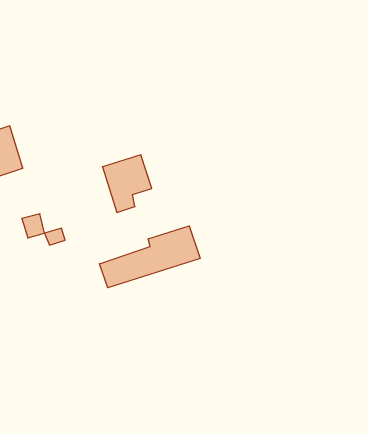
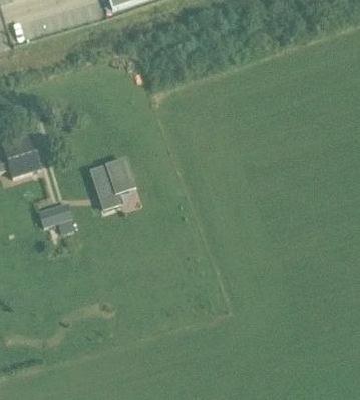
building: [99,226,200,288] -> none

